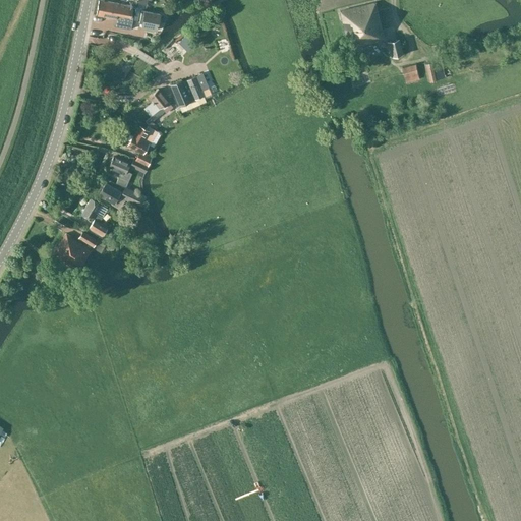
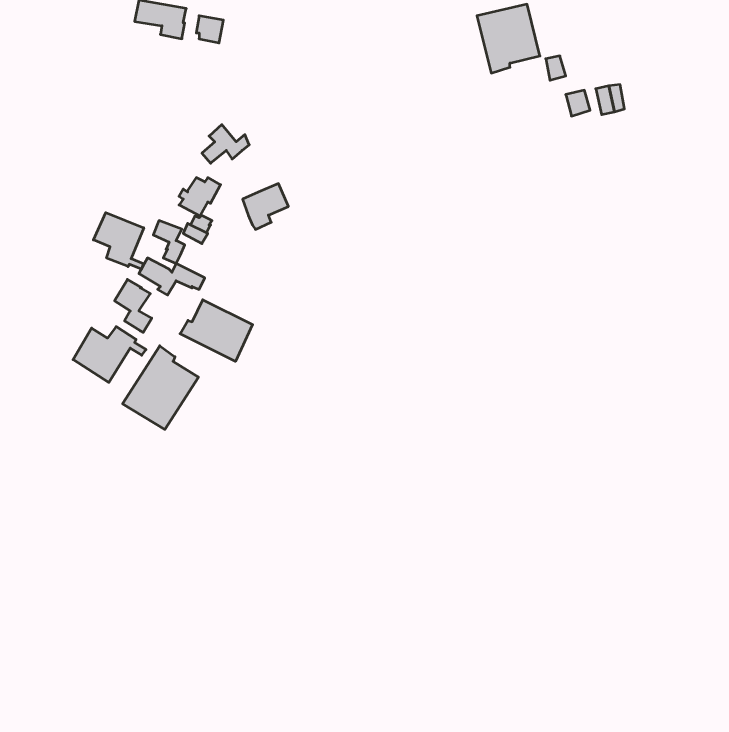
building: [172,73,205,106] -> [243,184,288,229]
building: none -> [93,213,144,269]
building: none -> [180,300,253,361]
building: none -> [123,346,198,429]

